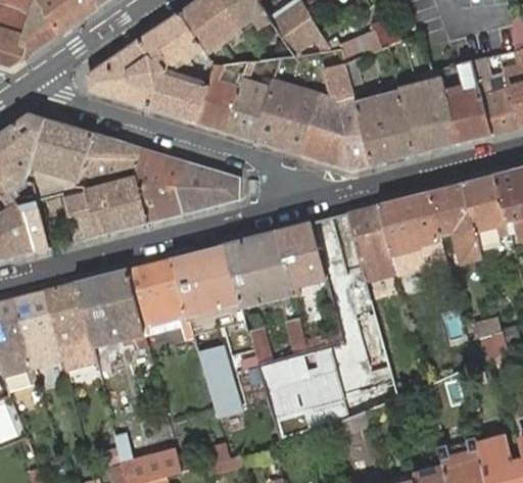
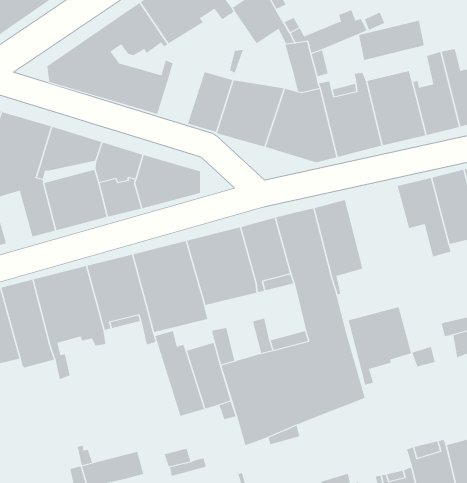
building: none -> [359,20,424,61]
building: [196,64,241,131] -> none
building: [379,191,441,268] -> [348,306,412,385]

